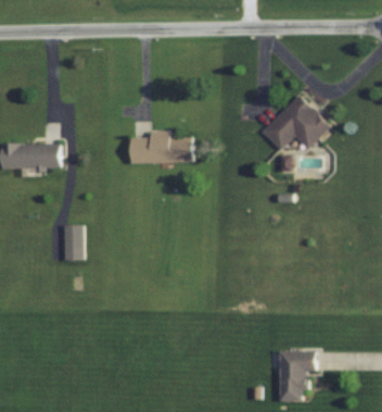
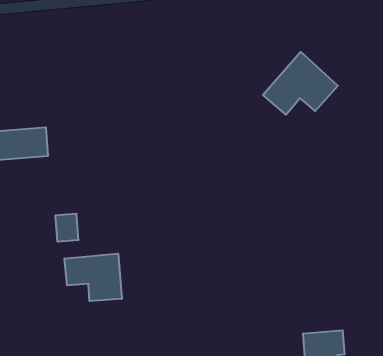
building: [131,134,192,163] -> none
building: none -> [65,254,122,301]

